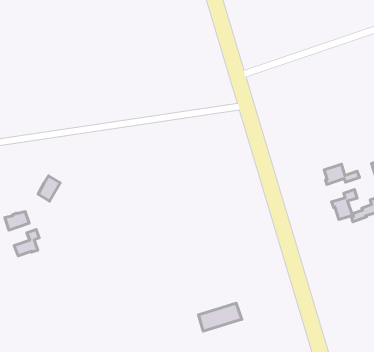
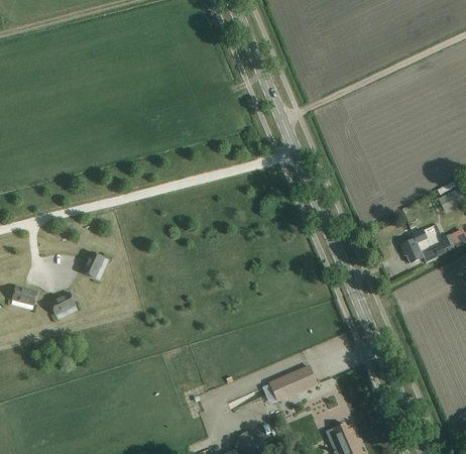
building: [324,164,359,184] -> none
building: [14,230,39,256] -> none

